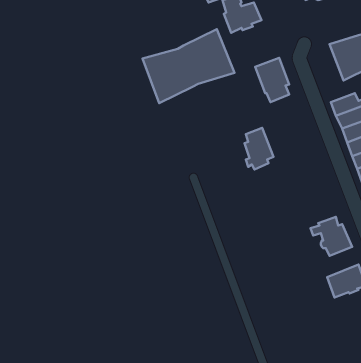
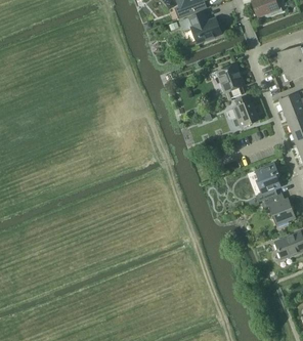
building: [143,29,235,103] -> none
building: [244,128,273,170] -> [232,94,256,128]
building: none -> [254,163,279,202]

